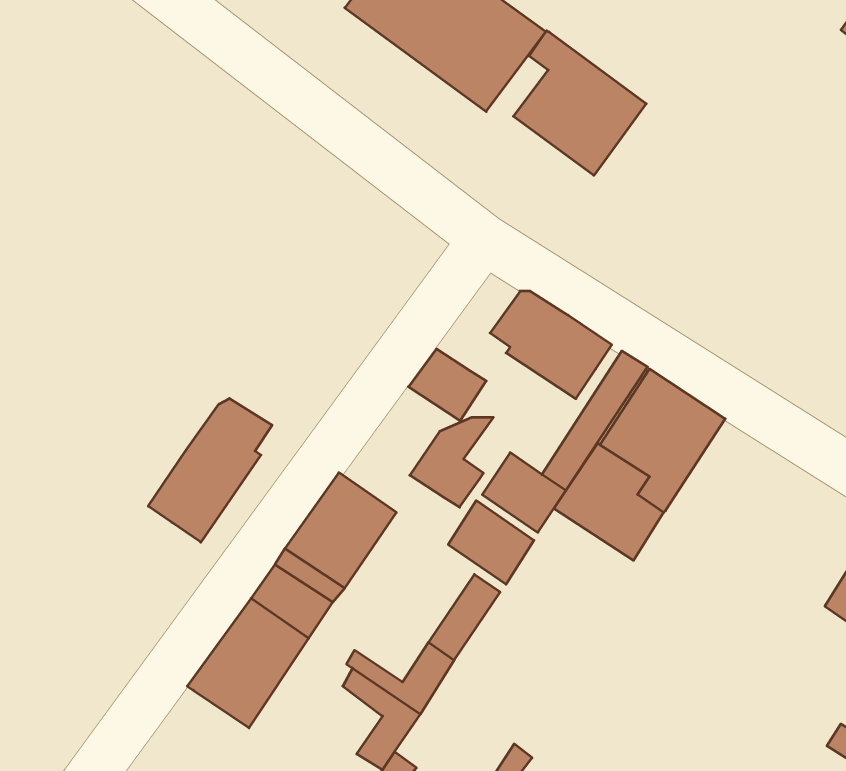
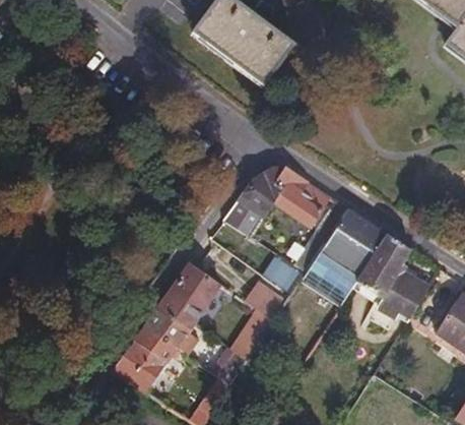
building: [513,31,646,175] -> none
building: [148,398,272,542] -> none
building: [410,417,493,507] -> [240,173,282,219]
building: none -> [356,238,428,321]

